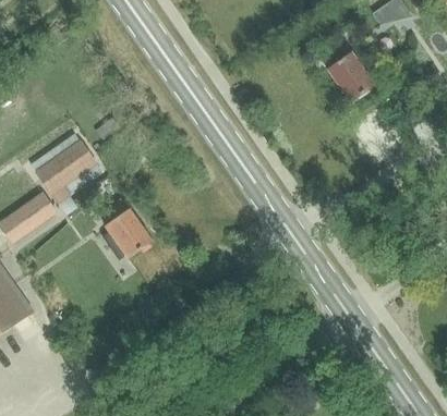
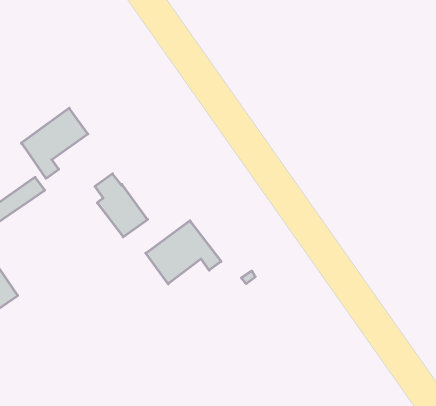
building: [318,46,373,101] -> none
building: none -> [146,221,221,284]

